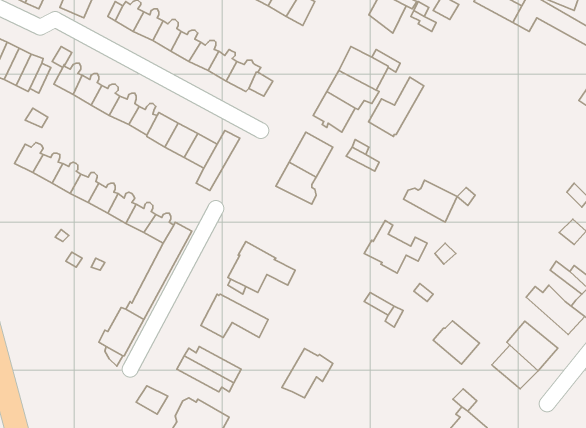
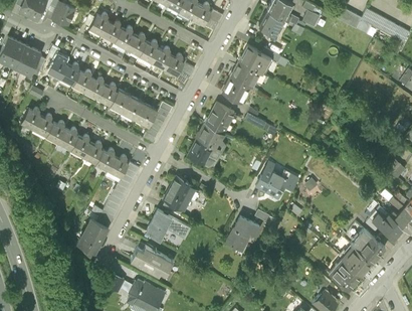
building: [368,77,424,136] -> none
building: [403,180,457,222] -> none
building: none -> [188,139,222,169]
building: [433,321,480,364] -> [330,260,361,289]
building: [282,348,333,398] -> [226,217,260,251]

